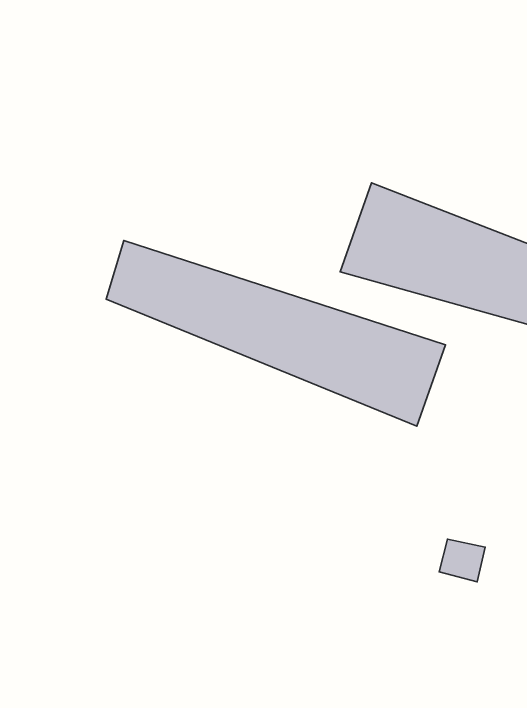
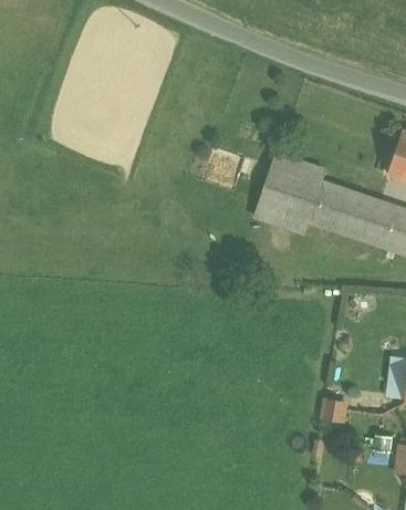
building: [106,240,445,426] -> none

